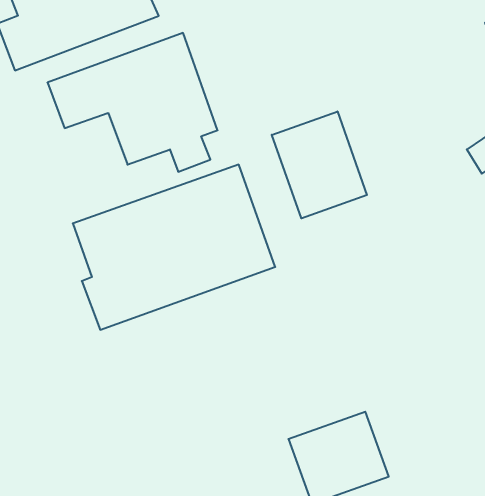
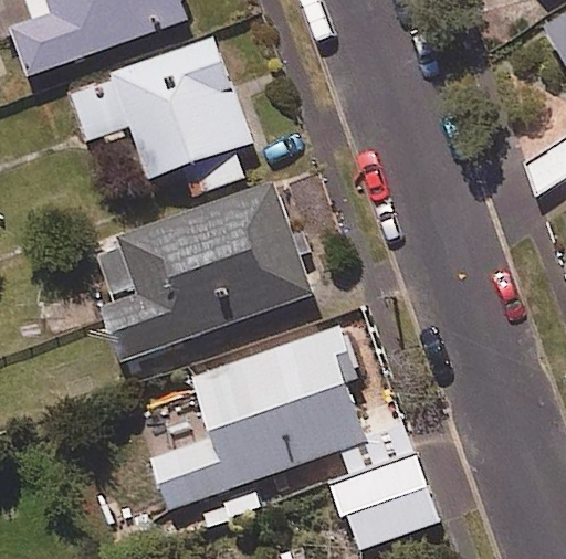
building: [272,111,367,218] -> none
building: none -> [153,329,367,523]

